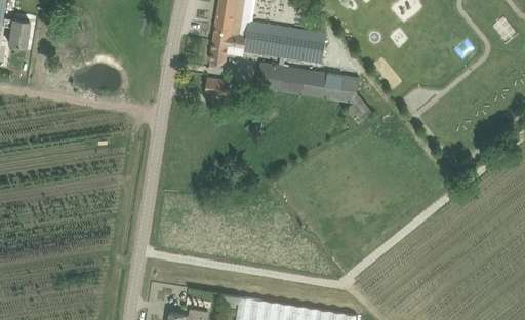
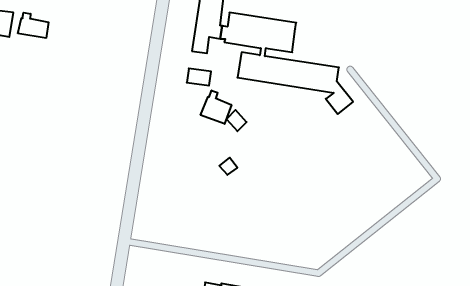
building: none -> [18,13,49,38]
building: none -> [201,90,231,124]

